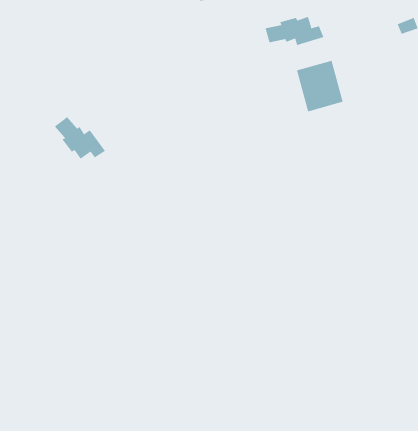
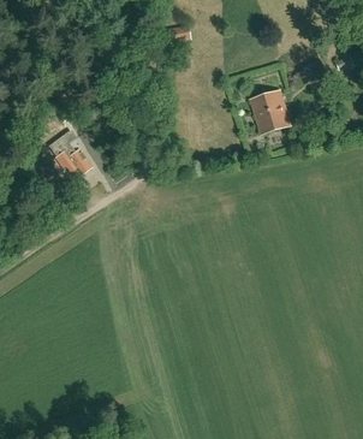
building: [265,16,324,46] -> none

